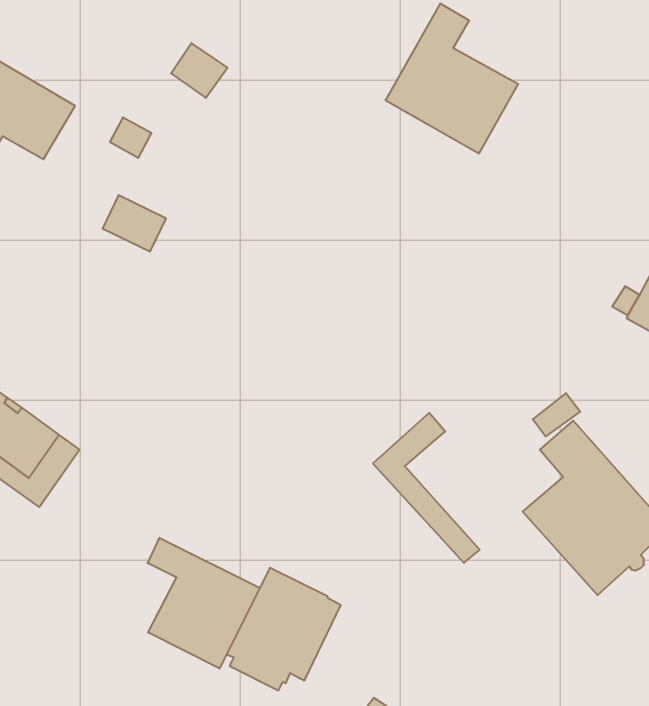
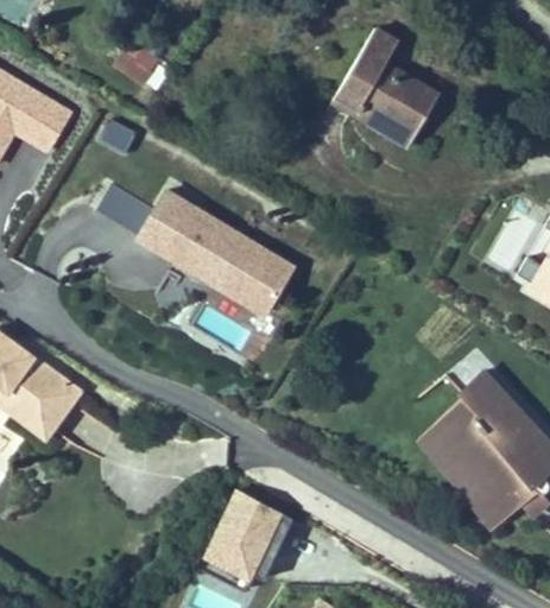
building: [171,43,227,98] -> [114,40,160,86]
building: none -> [135,189,297,319]
building: [373,413,480,563] -> [417,400,505,524]
building: [148,538,260,669] -> none

